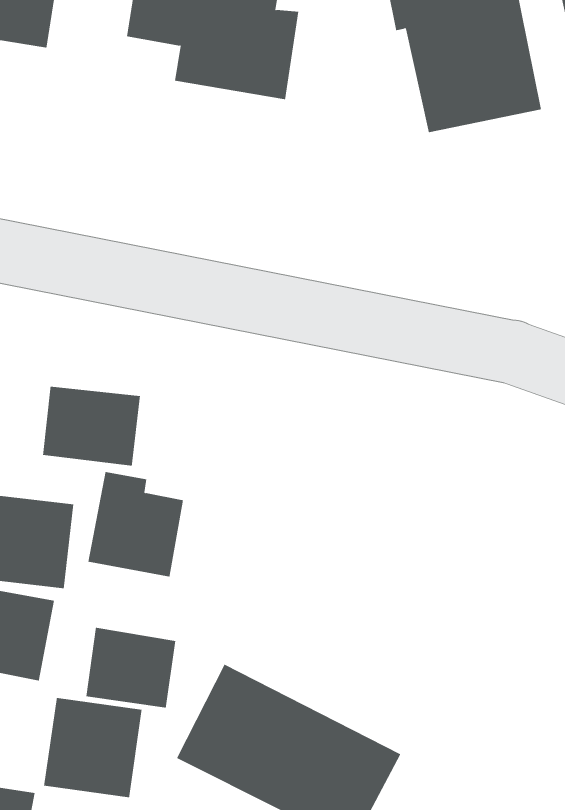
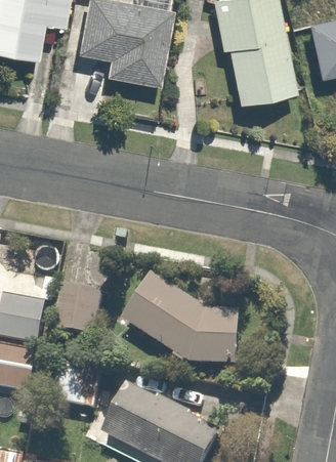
building: [42,386,140,467] -> none
building: none -> [124,271,241,365]
building: [44,697,142,798] -> none

